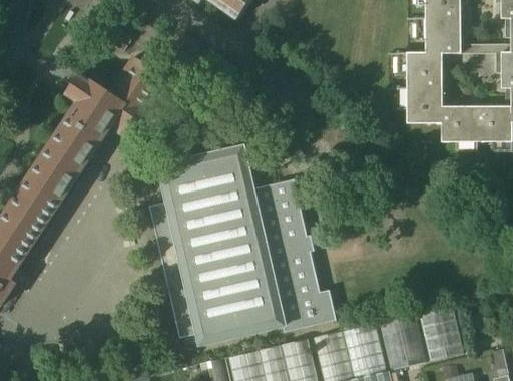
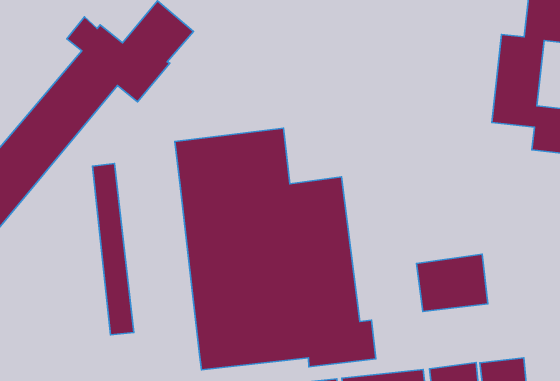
building: [150,201,197,336] -> [93,163,134,335]
building: none -> [416,254,488,311]

